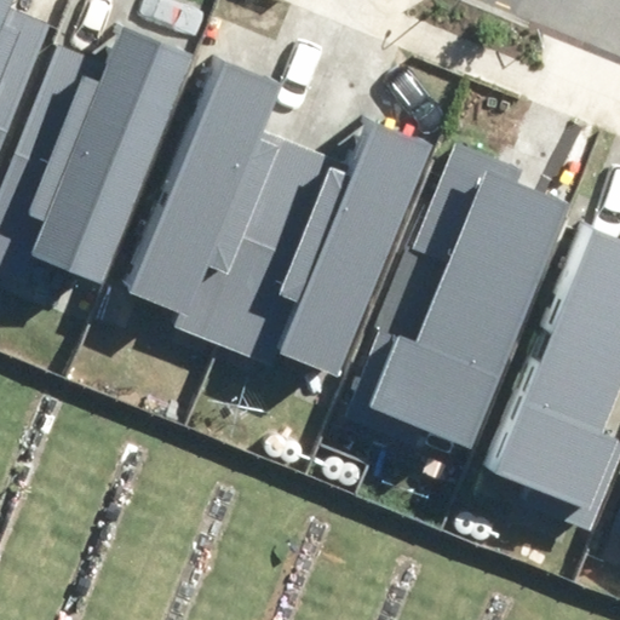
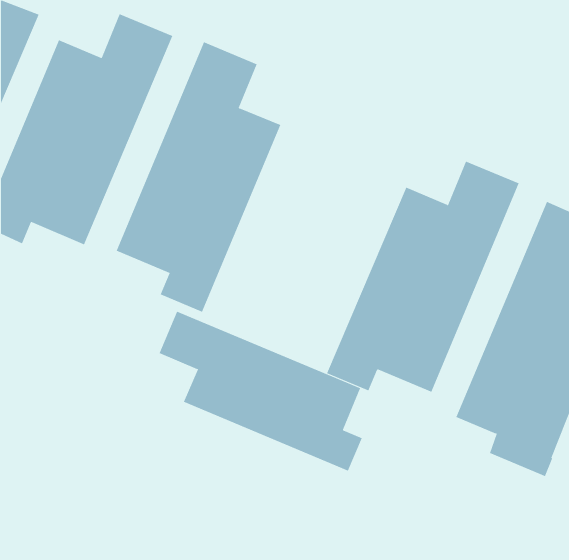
building: [224,122,431,372] -> none
building: none -> [159,311,362,472]

